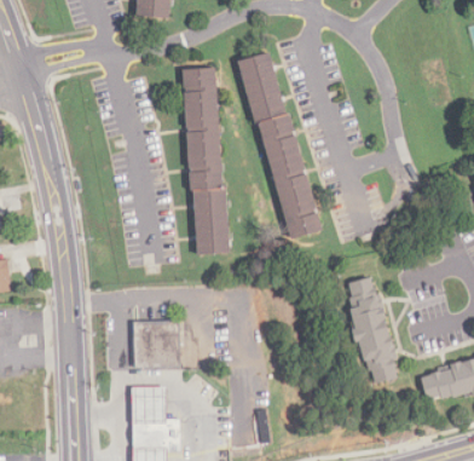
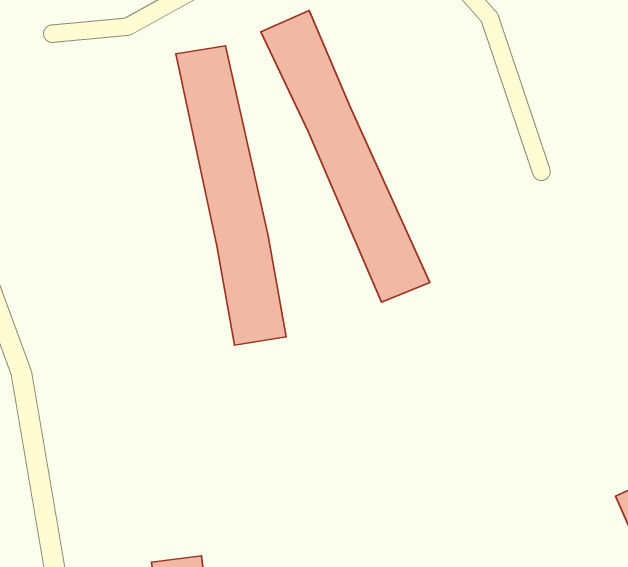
building: [346,278,395,382] -> none
building: [134,322,180,367] -> none

